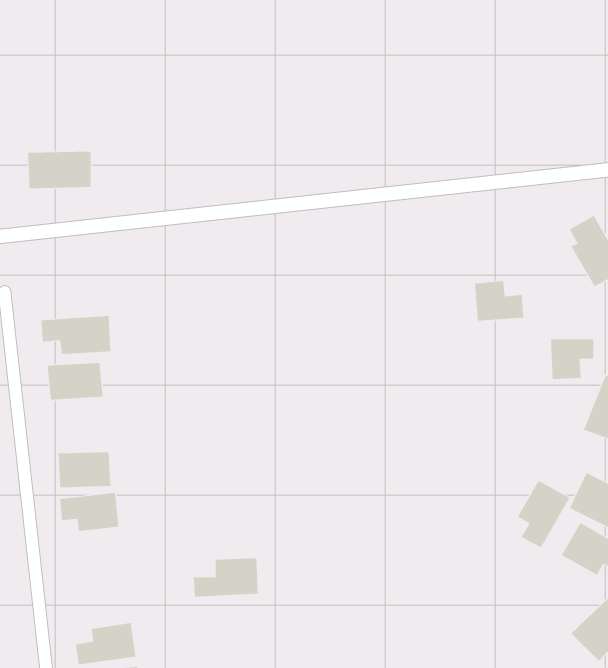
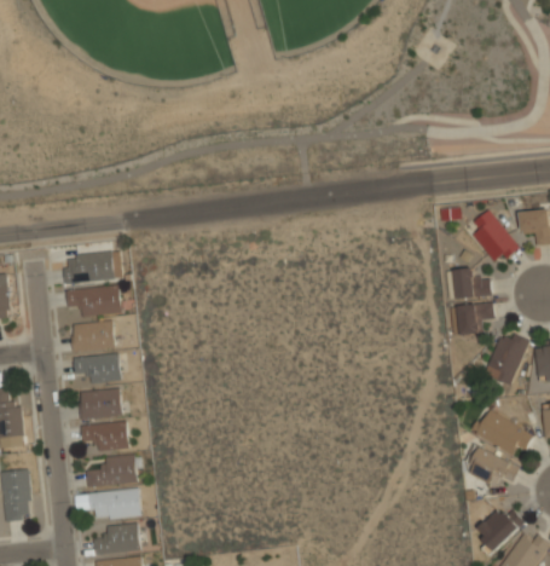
building: [27,151,91,189] -> [63,253,112,282]
building: [474,280,524,321] -> [452,267,491,299]
building: none -> [76,354,117,386]
building: [517,480,570,548] -> none
building: [193,558,259,597] -> [86,456,137,486]
building: none -> [89,492,138,518]

